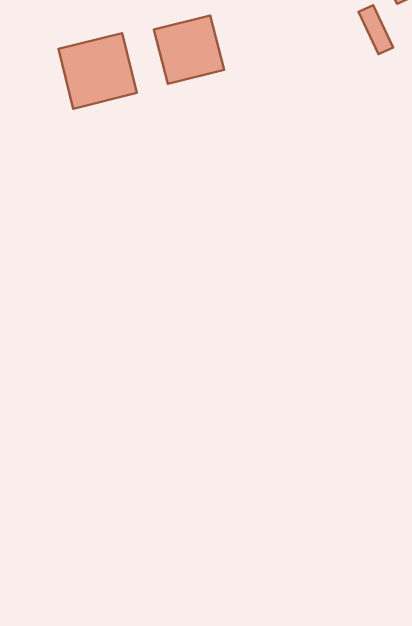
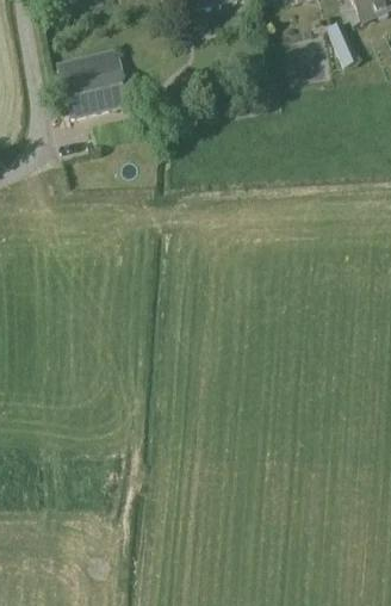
building: [154,15,224,84] -> none

